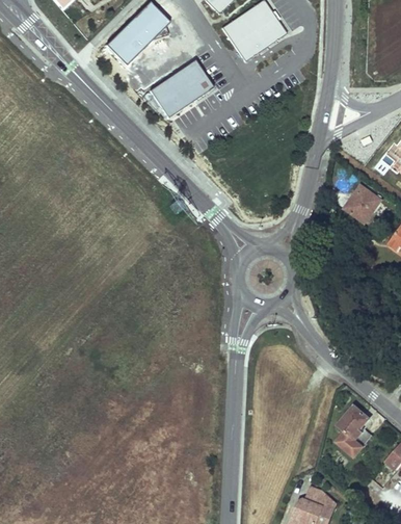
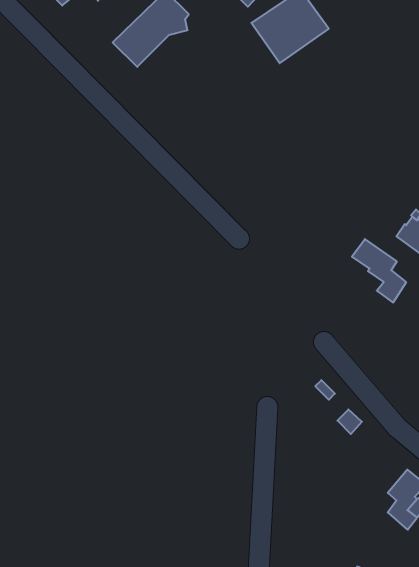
building: [148,56,214,115] -> none
building: none -> [352,239,406,303]

